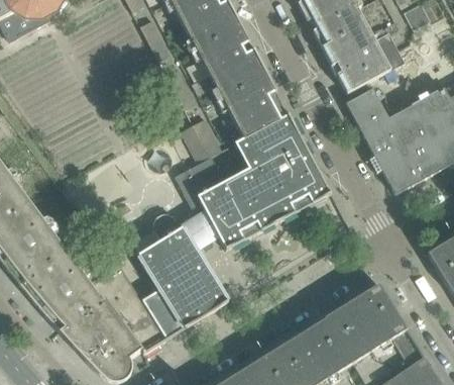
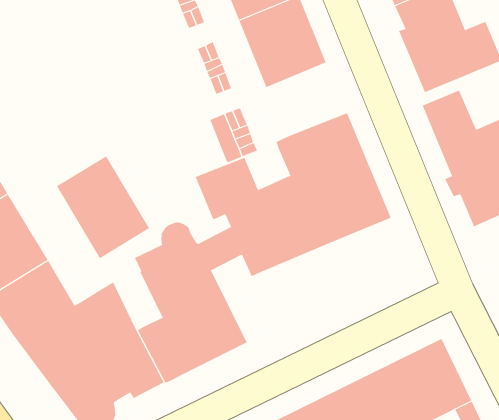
building: [224,76,289,136] -> none
building: none -> [56,156,150,259]

